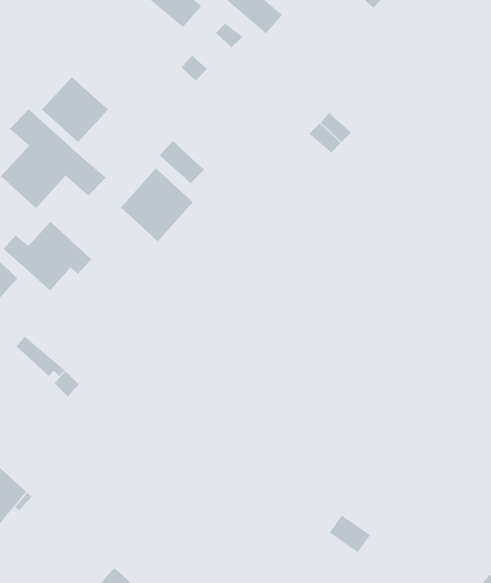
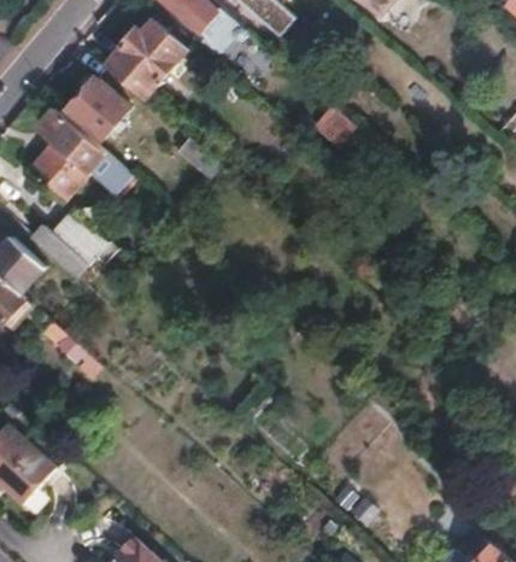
building: none -> [107,19,188,96]
building: [120,168,194,242] -> none

